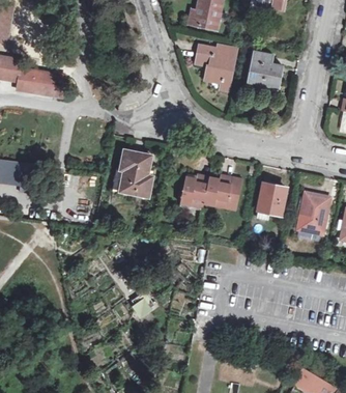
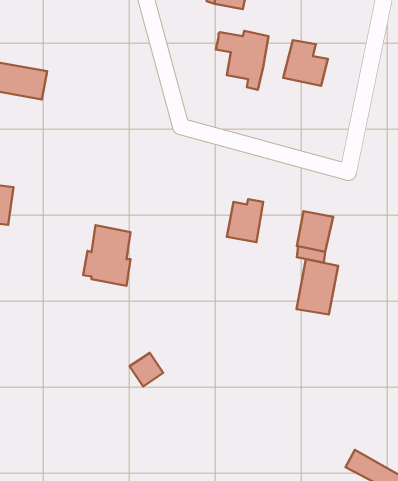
building: [114,148,150,195] -> [83,225,130,286]
building: [180,174,209,207] -> none
building: [297,192,329,234] -> [296,259,338,314]

